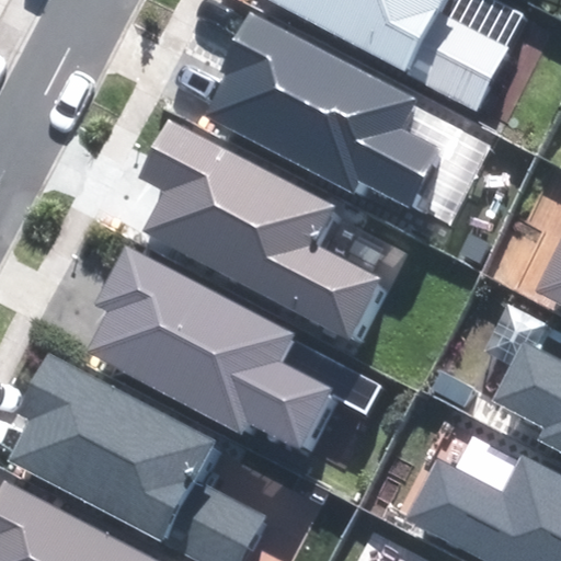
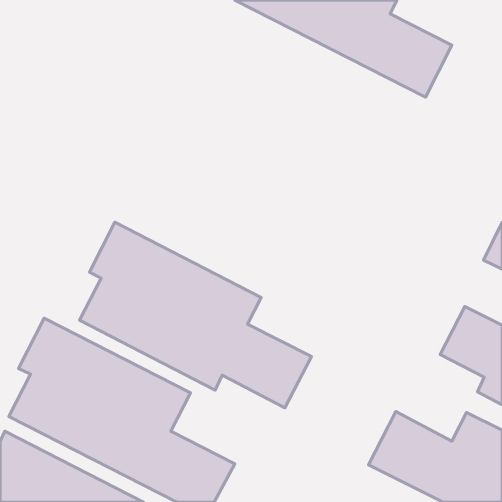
building: [209,14,437,203] -> none
building: [140,121,378,339] -> none

